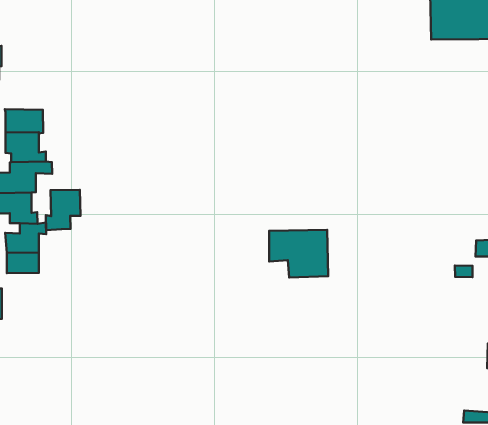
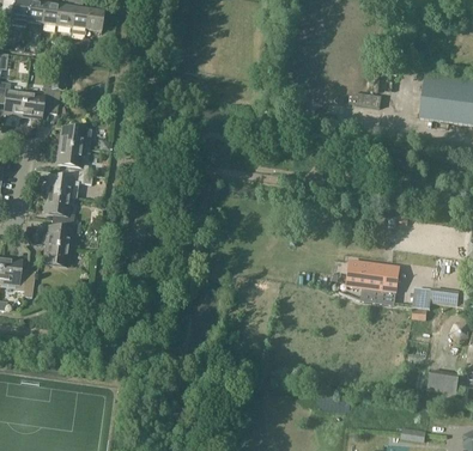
building: [46,190,80,230] -> none
building: [269,230,328,277] -> [346,260,398,304]

